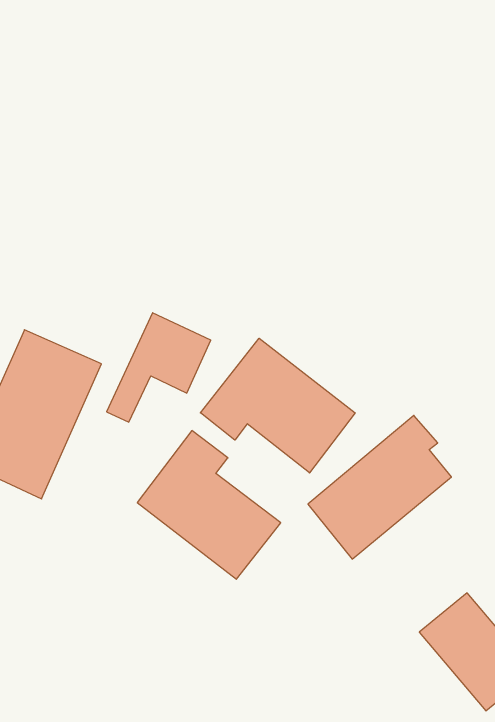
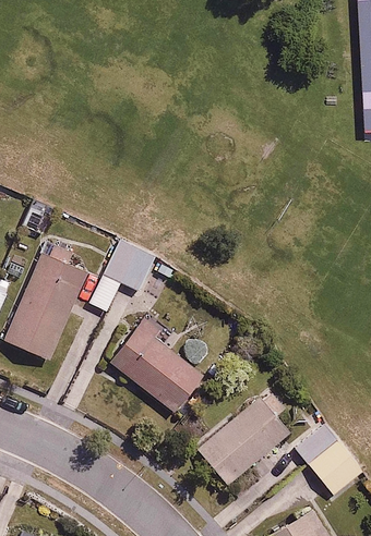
building: [200,338,355,473] -> none
building: [308,415,451,559] -> [199,392,290,484]

